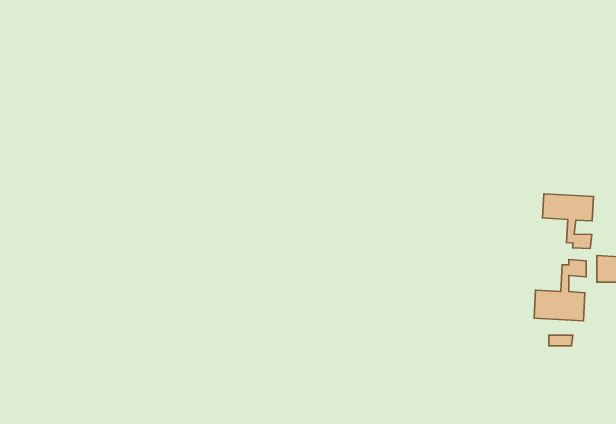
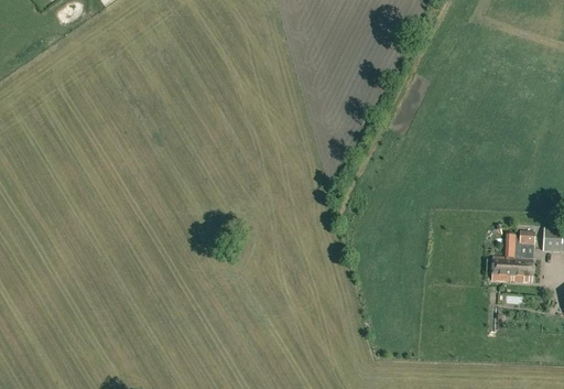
building: [542,194,594,248] -> none

